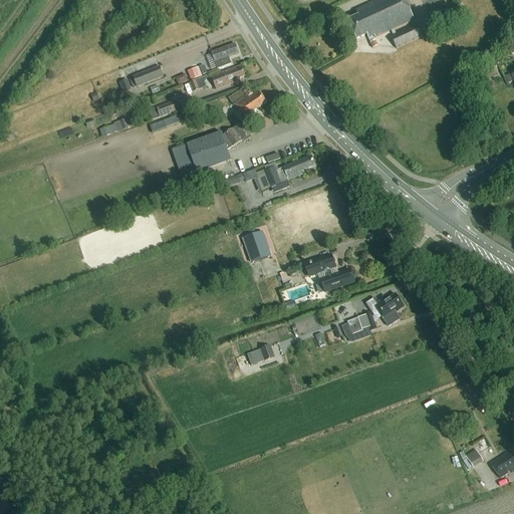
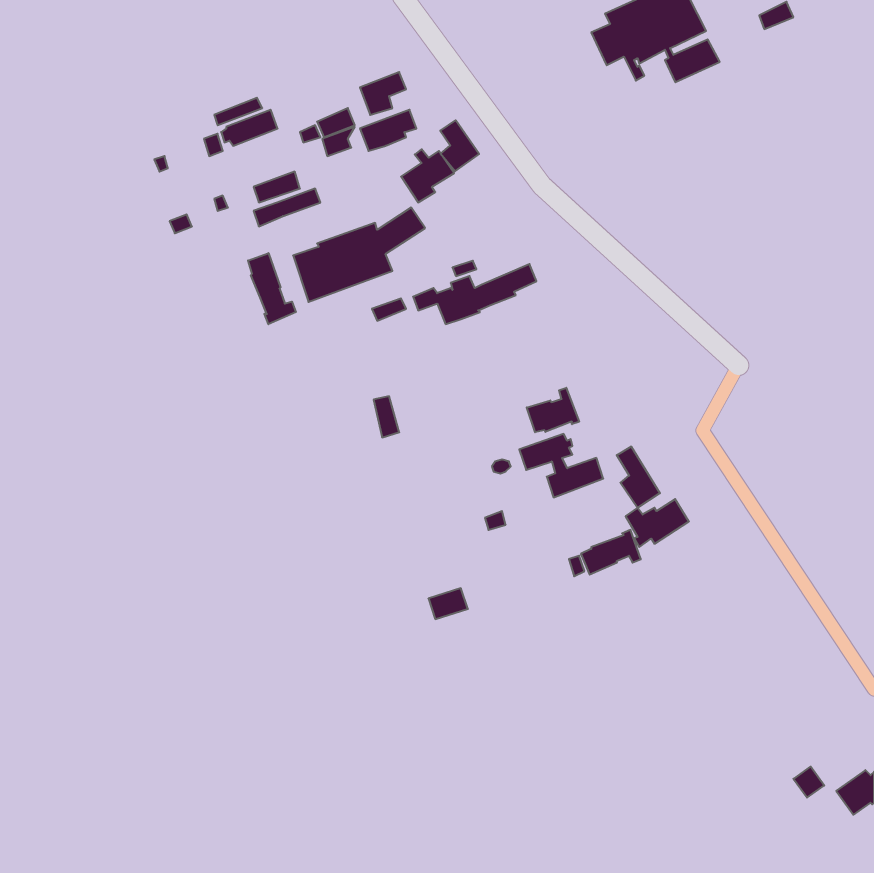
building: none -> [440,120,479,171]
building: none -> [248,253,296,324]
building: none -> [527,388,579,432]
building: [243,228,273,261] -> none
building: none -> [617,446,660,508]

